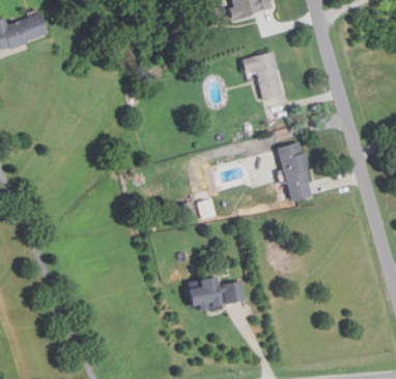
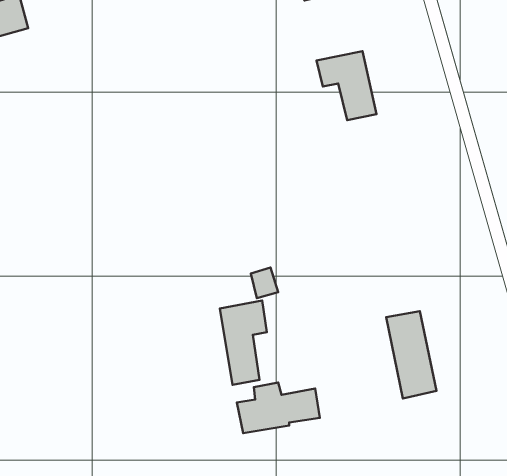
building: [279,142,313,201] -> [386,311,437,399]
building: none -> [220,300,267,385]

